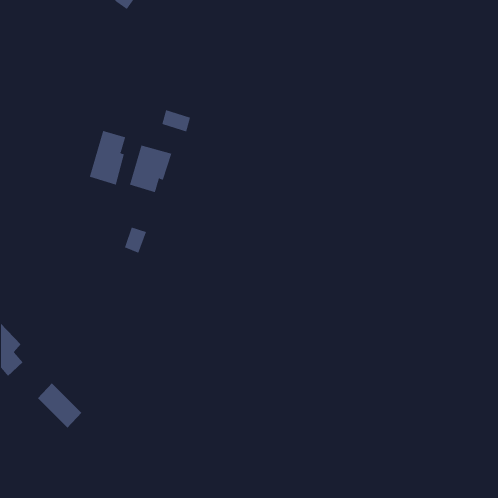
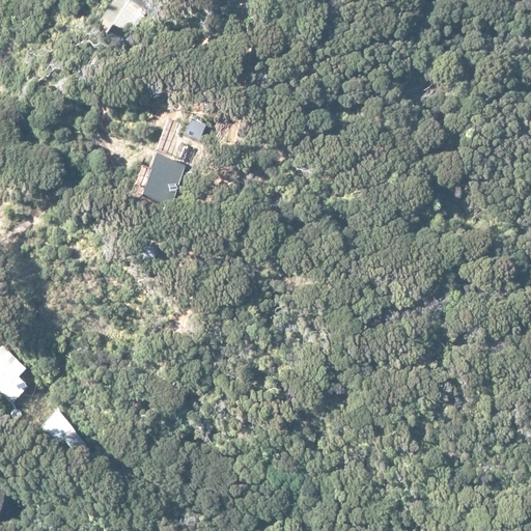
building: [89,130,126,185] -> none

